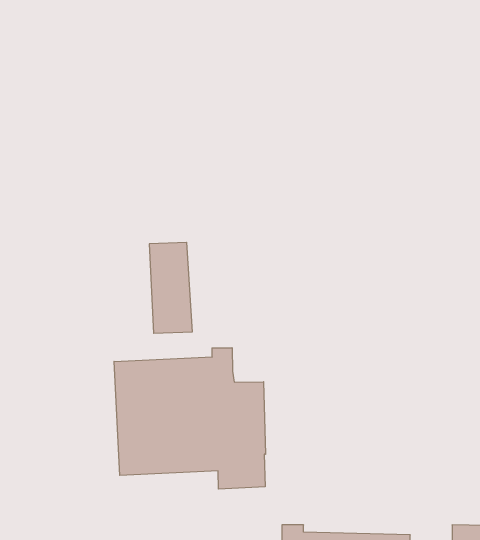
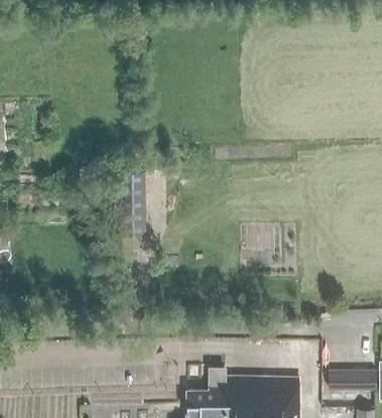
building: [114,348,266,489] -> none

